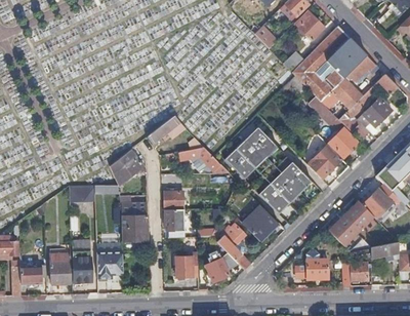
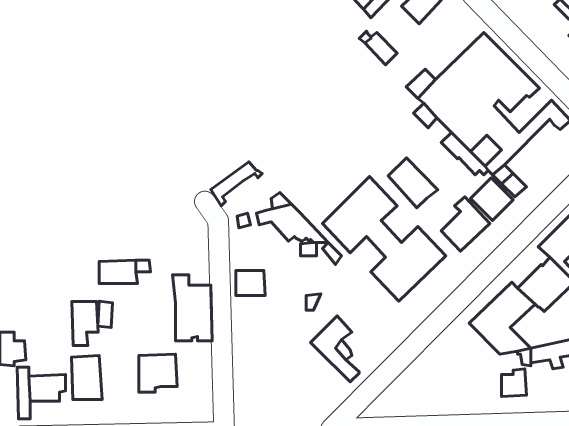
building: [295,10,325,41] -> none
building: [363,98,392,127] -> none
building: none -> [388,158,438,208]
building: [111,150,145,186] -> none
building: [242,205,279,242] -> none
building: [165,210,186,233] -> none
building: [74,251,92,282] -> [72,301,98,345]
building: [176,253,199,277] -> none
building: [206,253,239,283] -> none
building: [306,260,328,278] -> none

